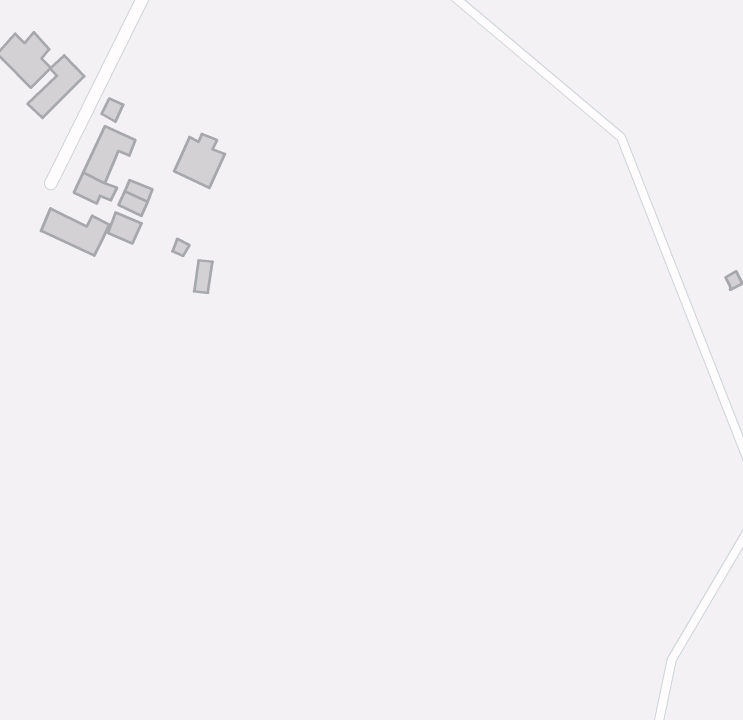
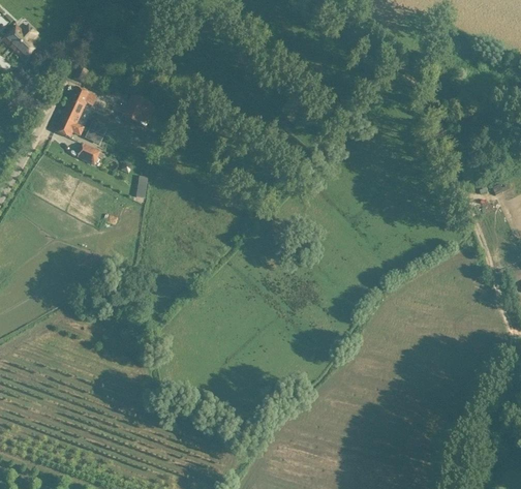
building: [28,55,84,118] -> none
building: [41,208,109,256] -> none

